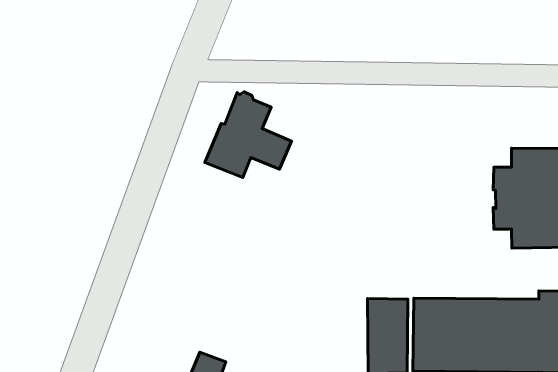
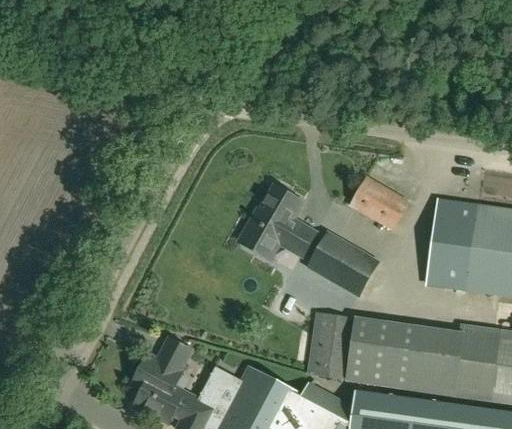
building: [205,92,291,178] -> [240,186,315,258]
building: none -> [351,176,408,228]
building: none -> [310,234,377,294]

